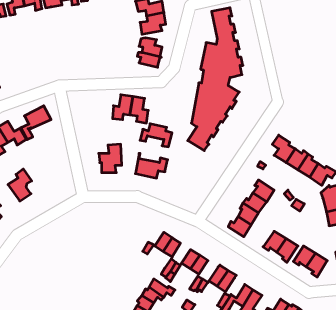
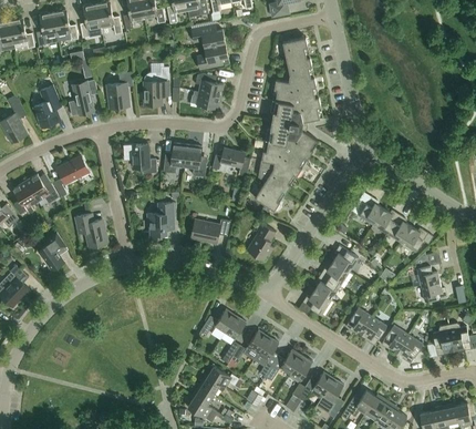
building: none -> [143,68,168,105]
building: none -> [106,72,133,110]
building: none -> [68,80,97,116]
building: none -> [33,85,59,127]
building: none -> [122,145,156,174]
building: [140,124,172,147] -> [211,149,250,176]
building: none -> [75,214,106,249]
building: none -> [246,223,275,261]

